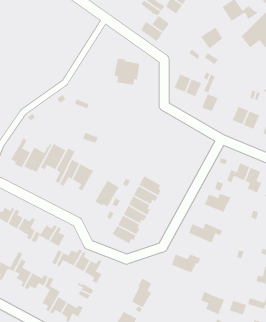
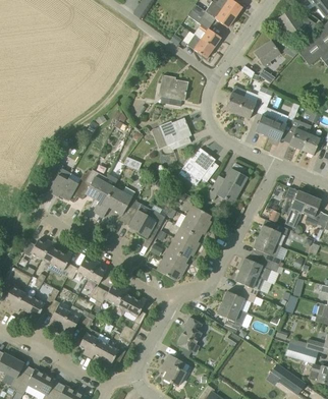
building: none -> [267,103,299,140]
building: none -> [158,118,192,150]
building: none -> [178,148,218,181]
building: none -> [207,169,247,202]
building: none -> [123,200,151,234]
building: none -> [253,237,283,267]
building: none -> [234,269,264,296]
building: [200,291,225,316] -> [217,303,244,331]

